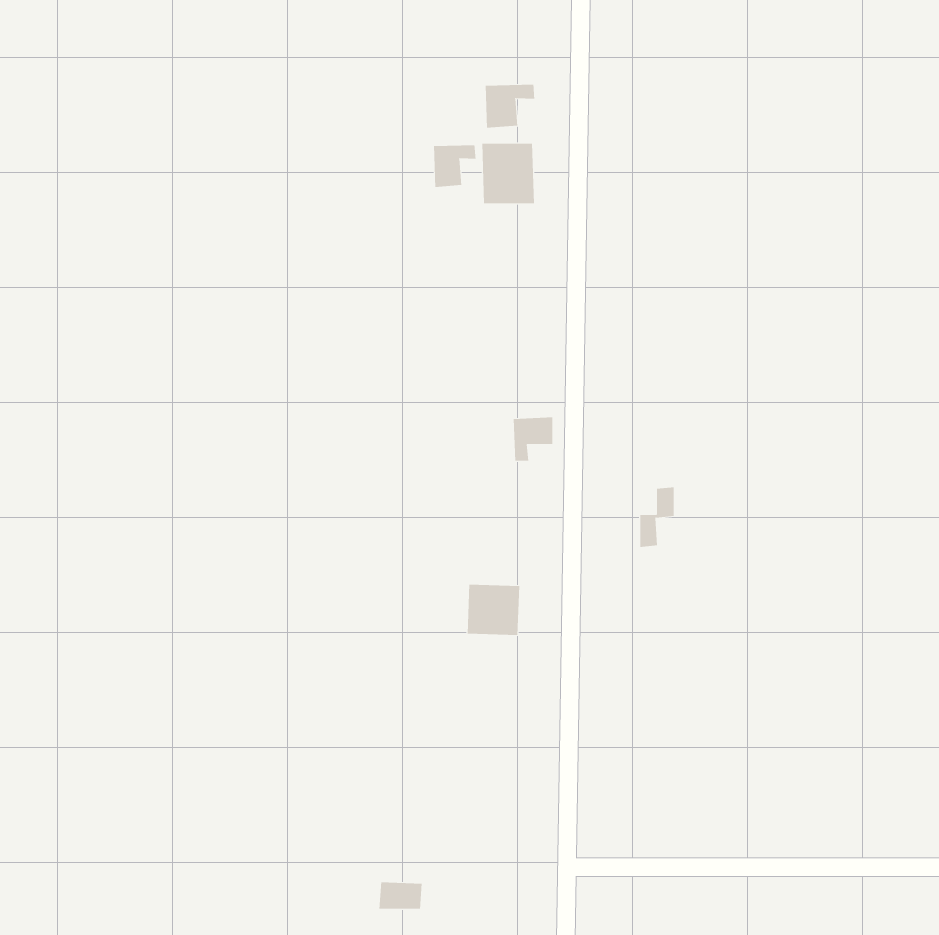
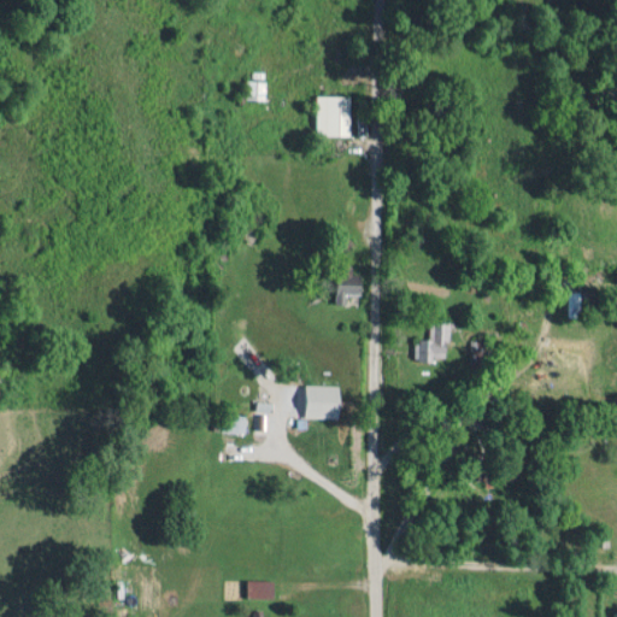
building: [485,84,535,128] -> none
building: [434,144,476,188] -> none

